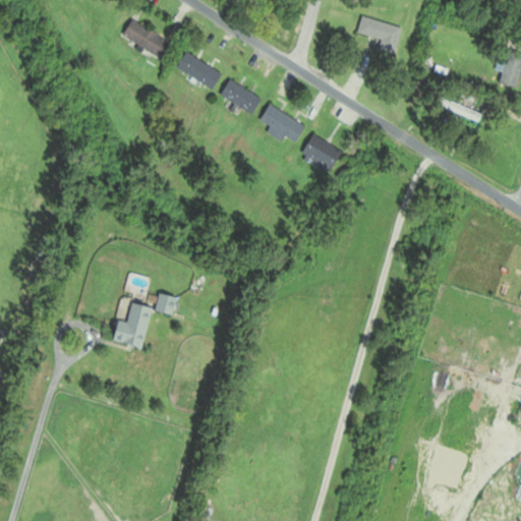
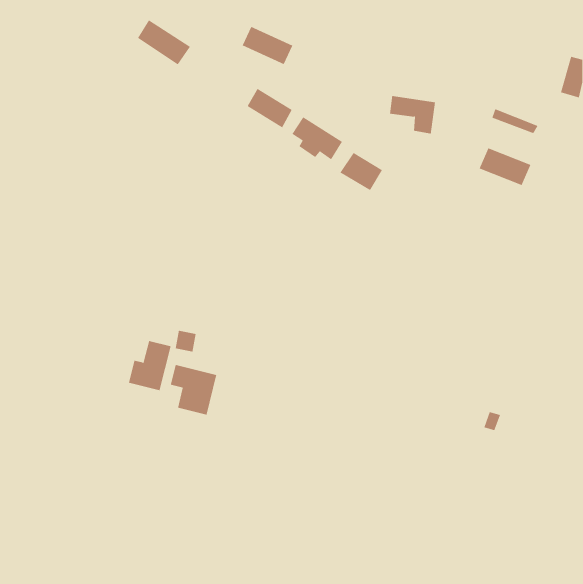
building: [357,18,399,53] -> [389,95,436,134]
building: [176,53,222,88] -> [242,26,293,65]
building: none -> [479,148,531,186]
building: none -> [170,364,217,416]

